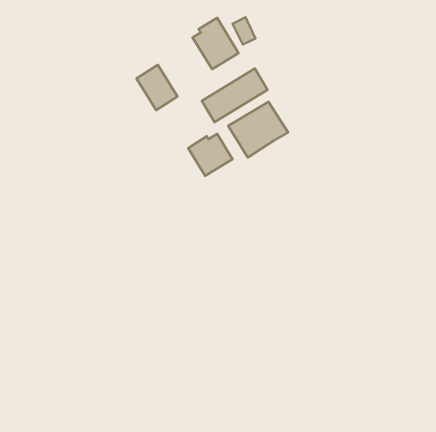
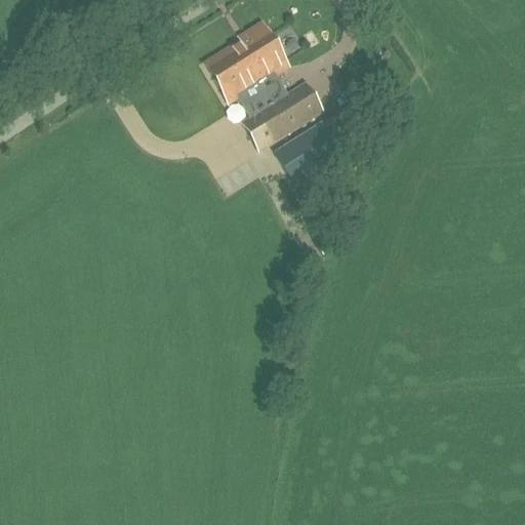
building: [137,65,178,110] -> [206,45,255,99]
building: [188,134,232,176] -> none

